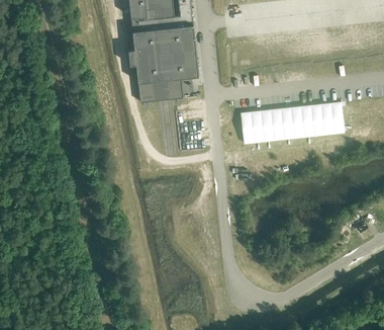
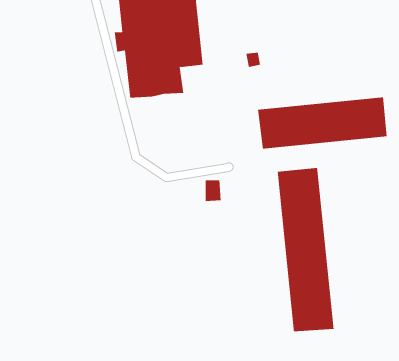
building: none -> [277,167,334,332]

